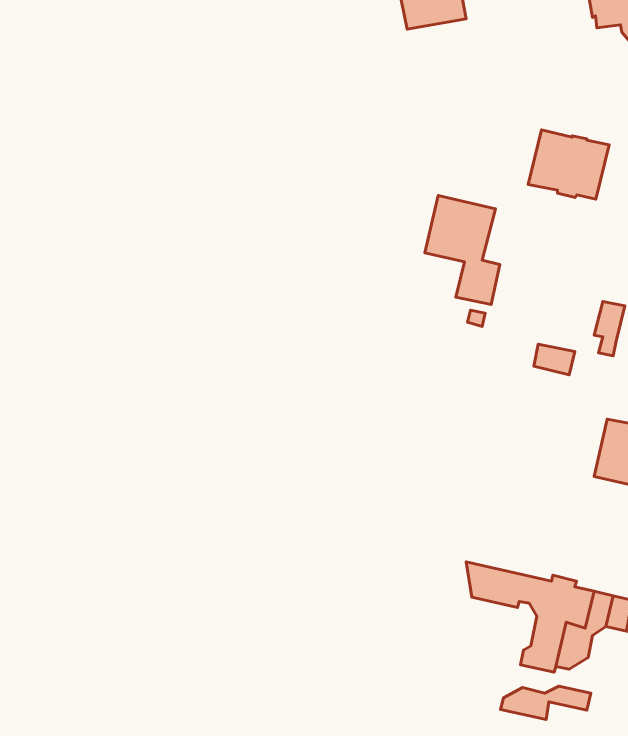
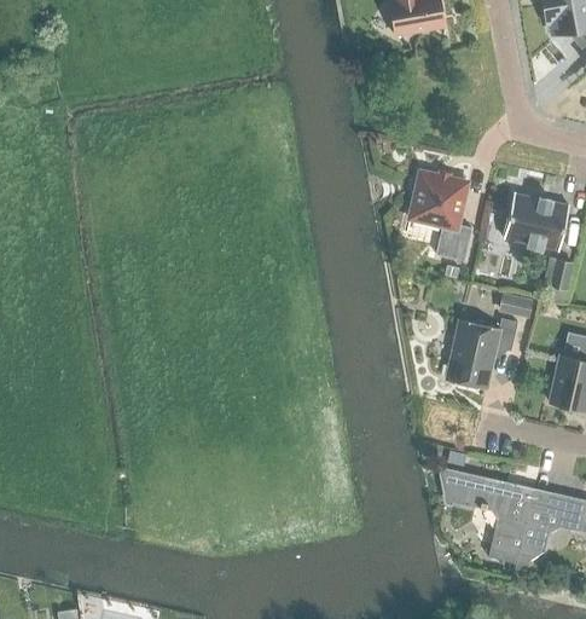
building: [528,130,609,199] -> [503,192,569,249]
building: none -> [446,317,517,387]
building: [501,686,591,720] -> none

